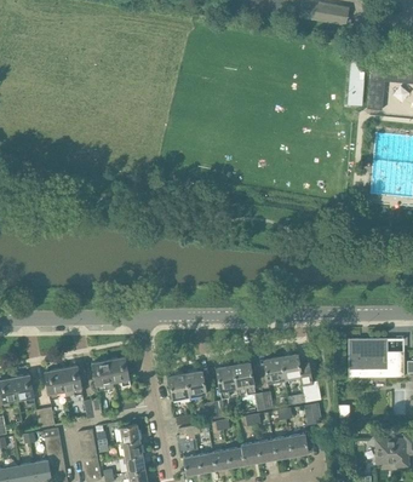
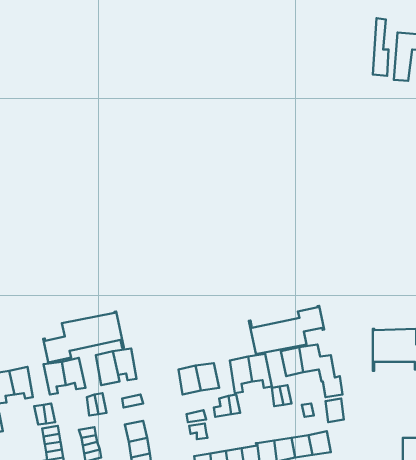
building: none -> [249,306,324,355]
building: none -> [43,311,124,364]

